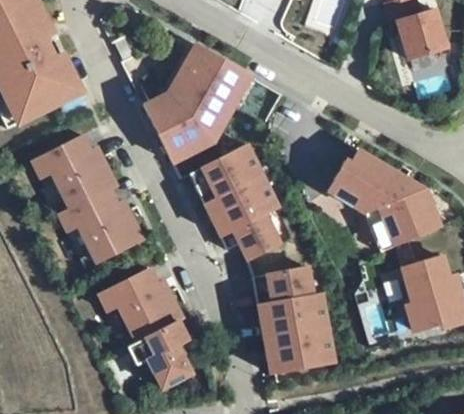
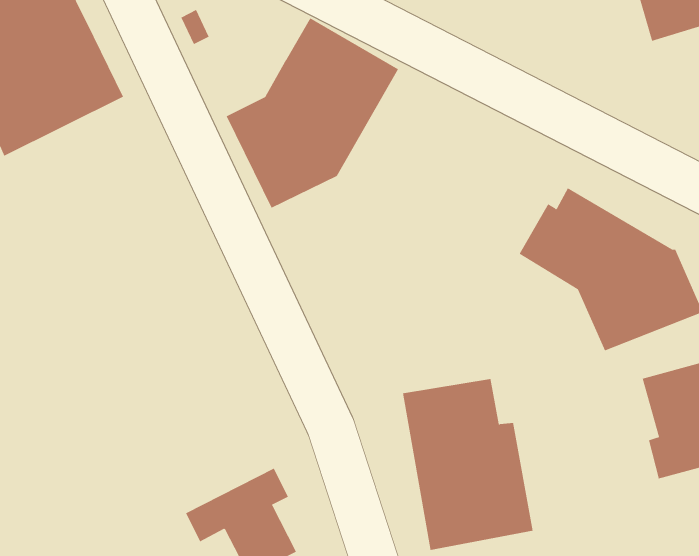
building: [30,132,143,268] -> none
building: [190,144,280,258] -> none
building: [91,269,179,350] -> none

